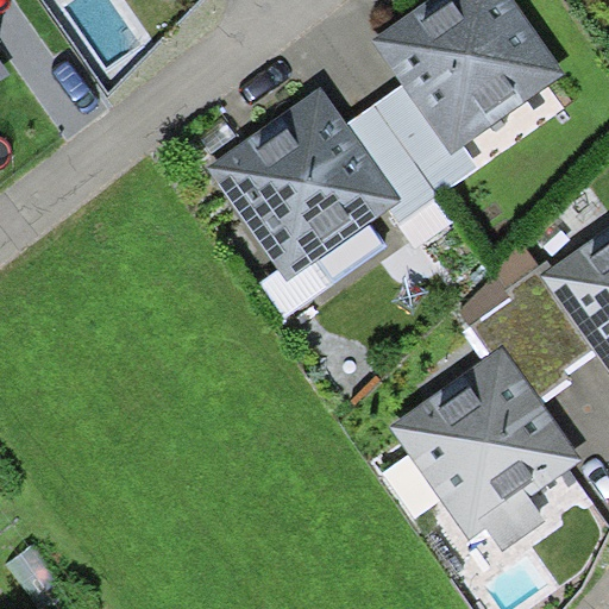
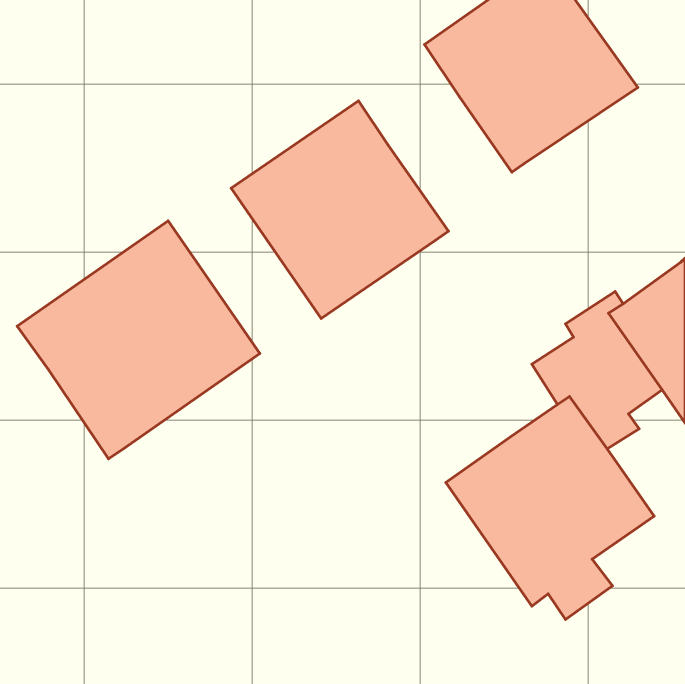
building: [344,86,479,225] -> none
building: none -> [17,221,260,459]

